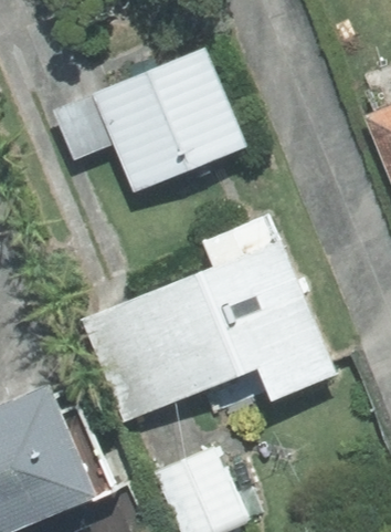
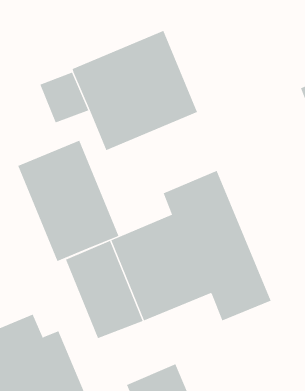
building: none -> [18,140,119,262]

